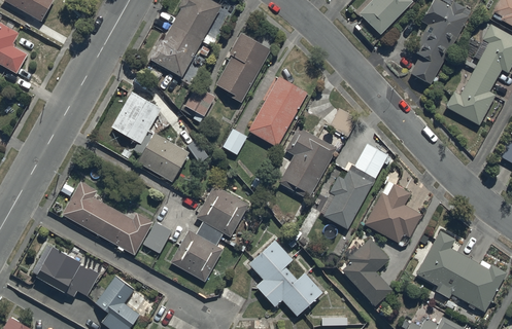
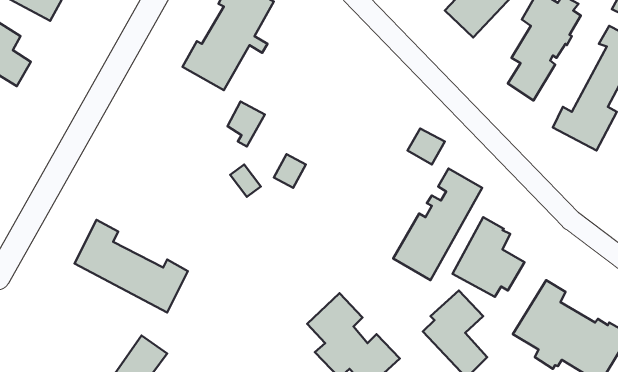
building: [214,33,271,103] -> none
building: [248,76,307,147] -> none
building: [111,92,190,183] -> none
building: [278,126,337,199] -> none
building: [170,185,248,281] -> none
building: [142,221,172,253] -> none
building: [32,244,99,297] -> none

